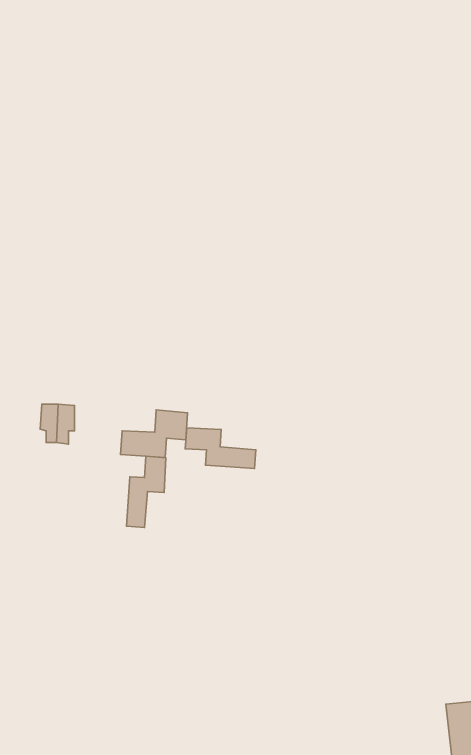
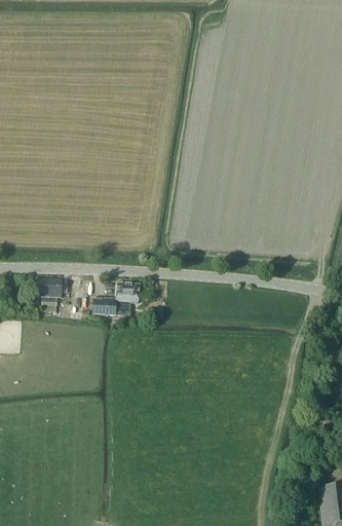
building: [185,428,256,468] -> none
building: [127,456,166,528] -> none

